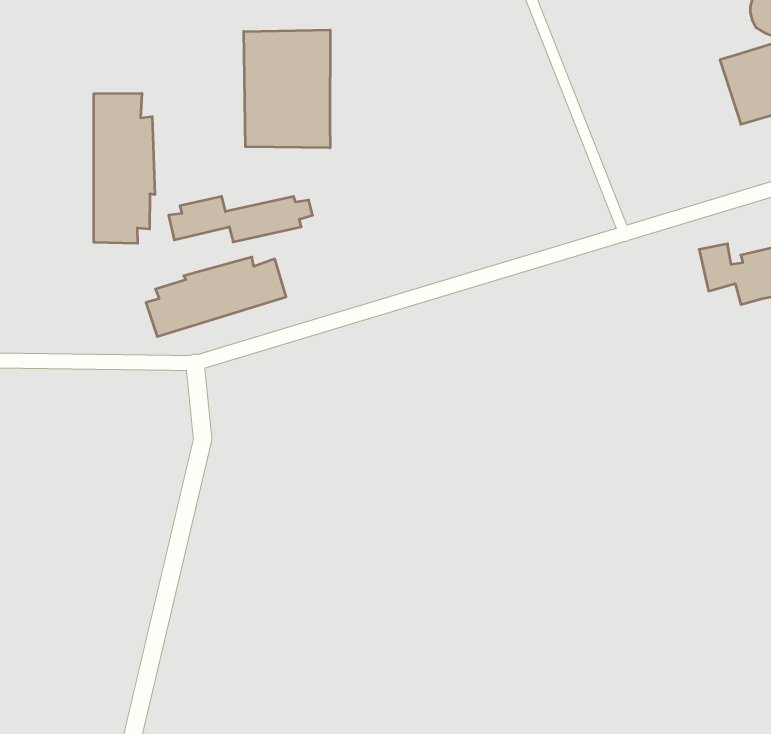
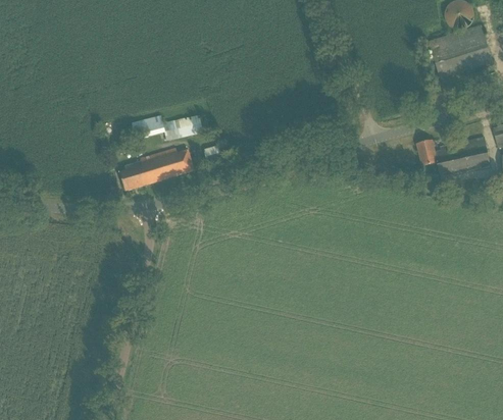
building: [244,30,330,148] -> none
building: [94,93,155,243] -> none

